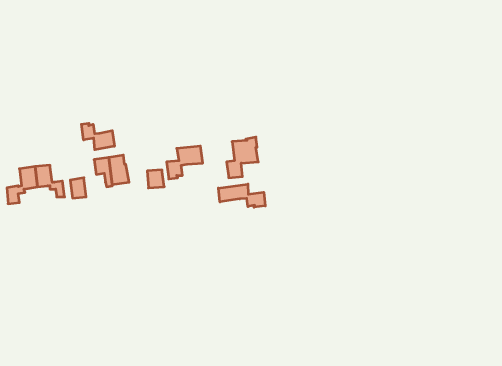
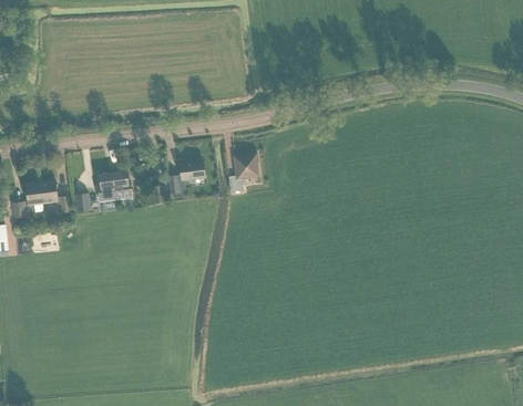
building: [81,123,114,150] -> none
building: [218,184,265,207] -> none

